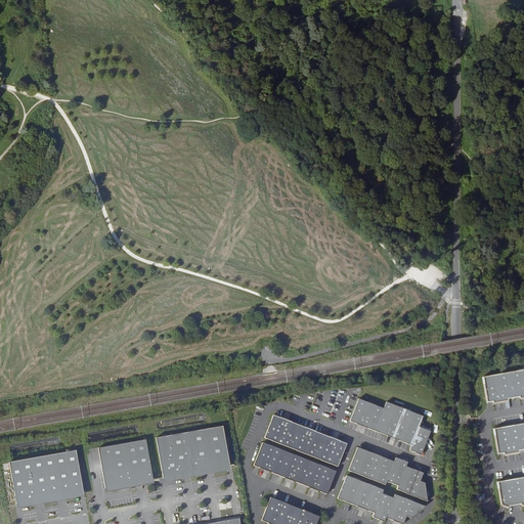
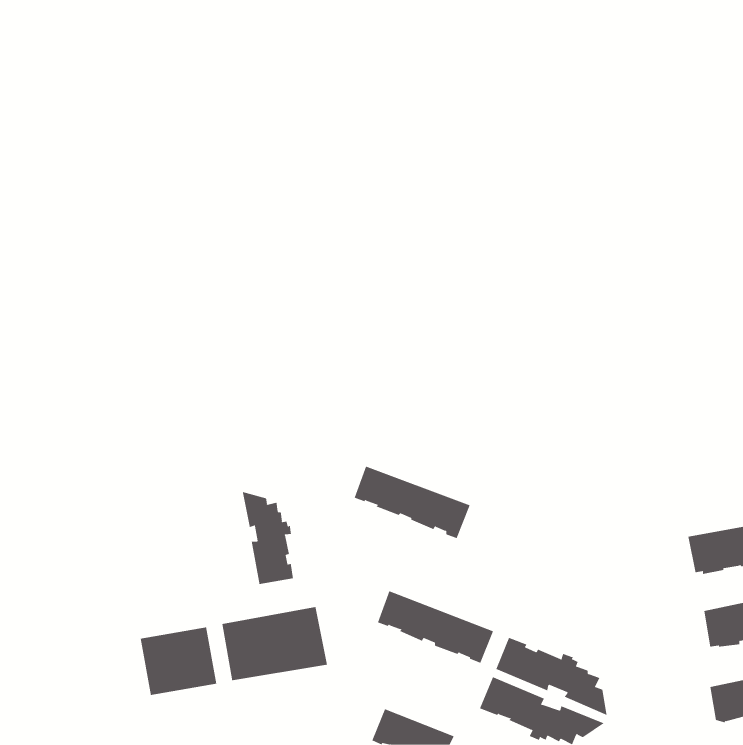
building: none -> [242,491,293,585]
building: [351,399,431,454] -> none
building: [255,443,337,494] -> [354,466,470,539]
building: [9,450,84,505] -> none

